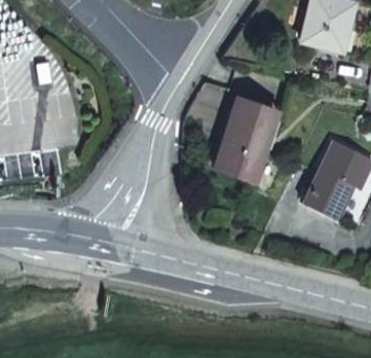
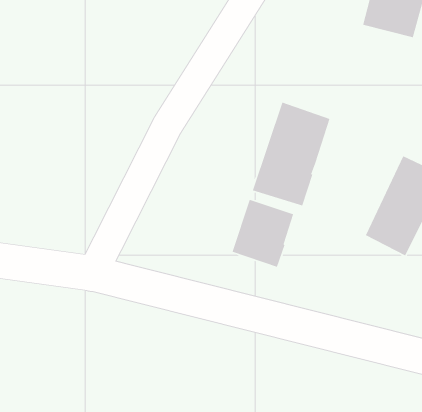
building: none -> [231,199,294,268]

